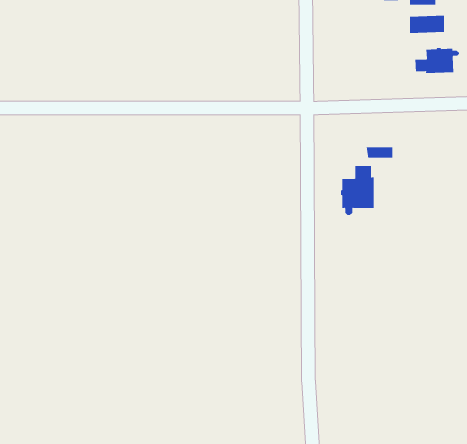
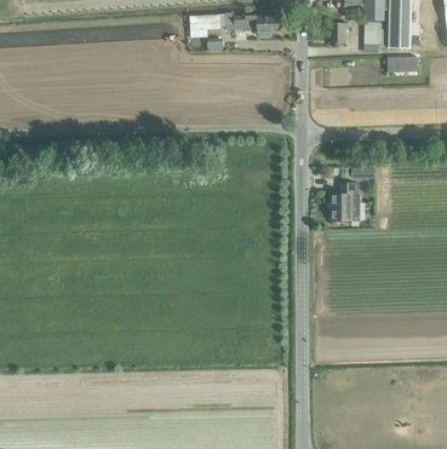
building: [415,47,459,74] -> none

